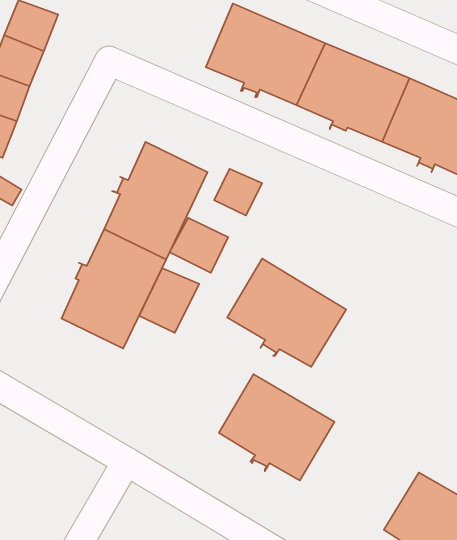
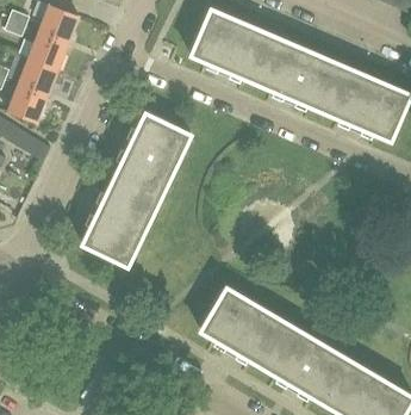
building: [214,169,262,215] -> none
building: [170,218,228,273] -> none
building: [227,259,346,367] -> [261,322,350,403]
building: [139,268,199,333] -> none

